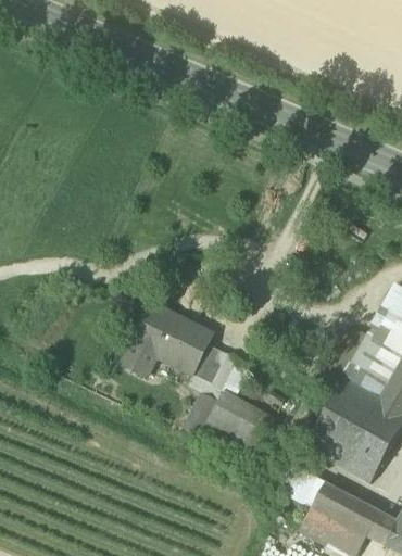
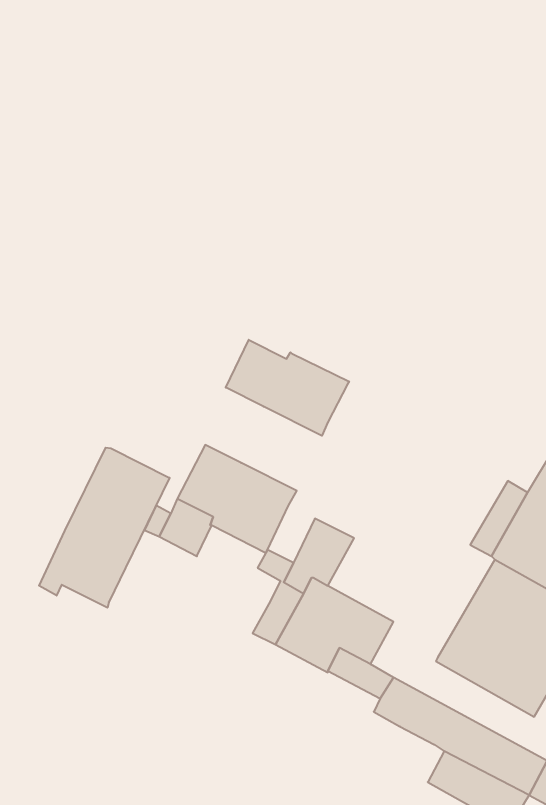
building: none -> [226,340,349,436]
building: none -> [39,448,170,608]
building: [193,342,225,380] -> none

